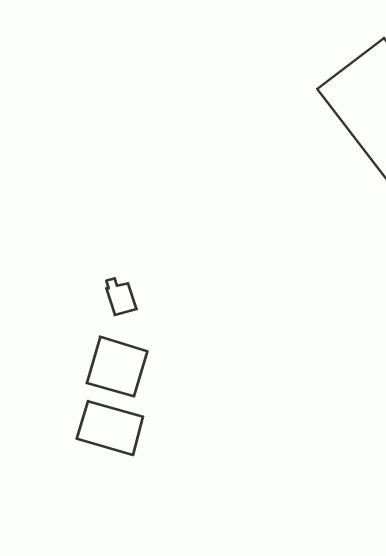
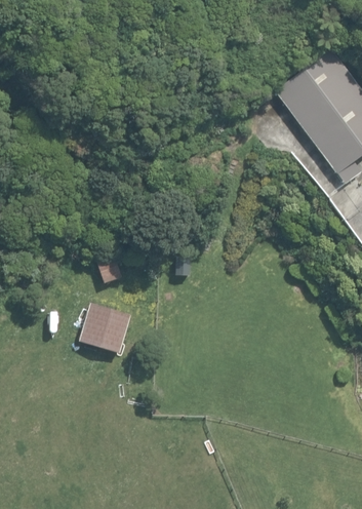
building: [77,401,143,455] -> none

